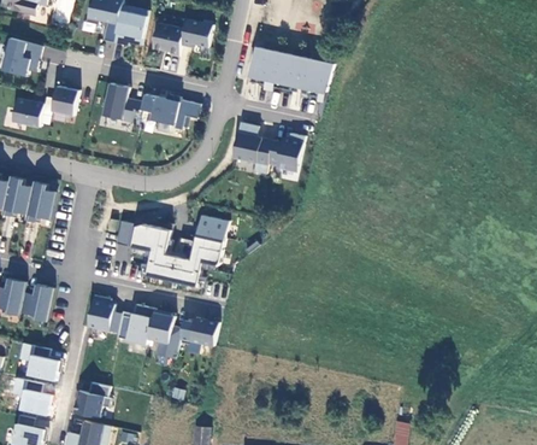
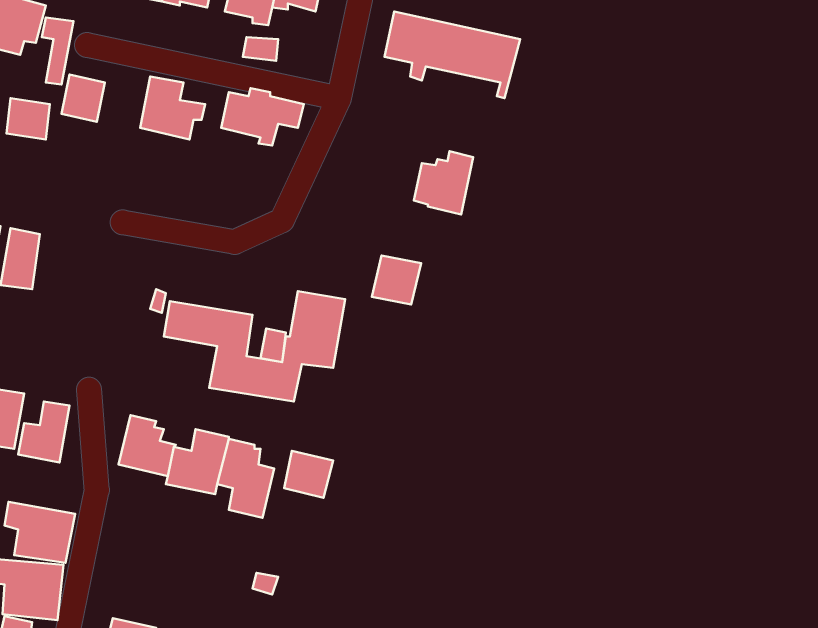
building: [234,133,264,163] -> [372,255,421,305]
building: [33,182,55,219] -> none
building: [71,380,108,415] -> none

